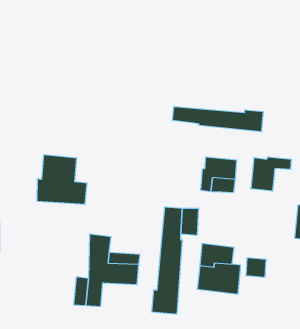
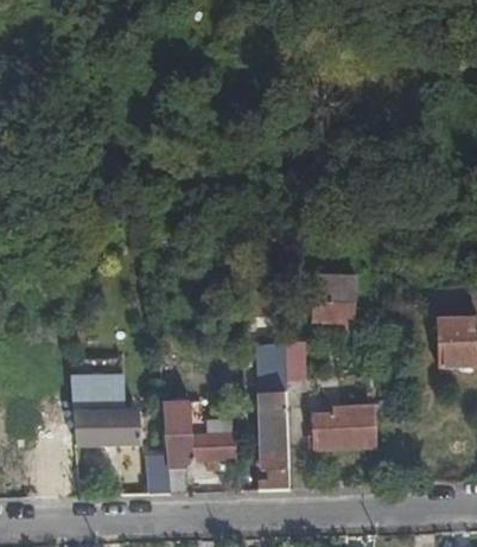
building: [172,106,263,132] -> none
building: [37,155,87,204] -> [71,380,140,444]
building: [251,157,291,191] -> none

